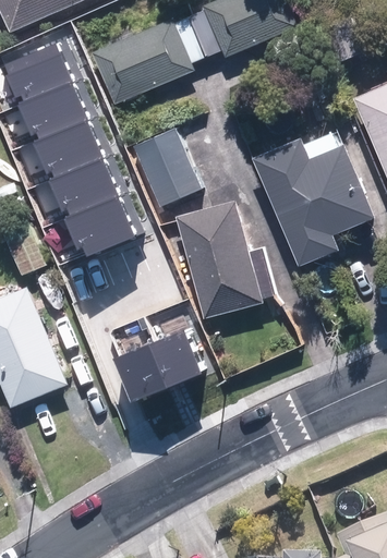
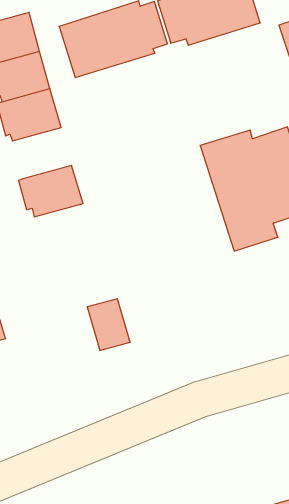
building: [134,130,203,206] -> none
building: [50,159,119,217] -> none
building: [173,201,278,319] -> none
building: [120,342,170,399] -> none

